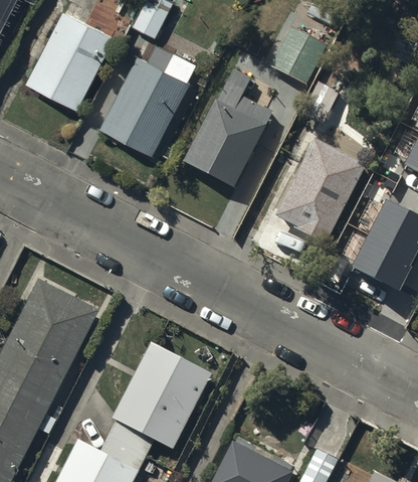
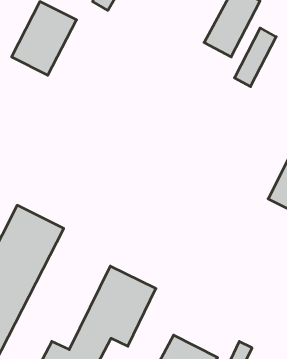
building: [99,39,195,150] -> none
building: [184,64,269,181] -> none
building: [279,135,364,233] -> none

